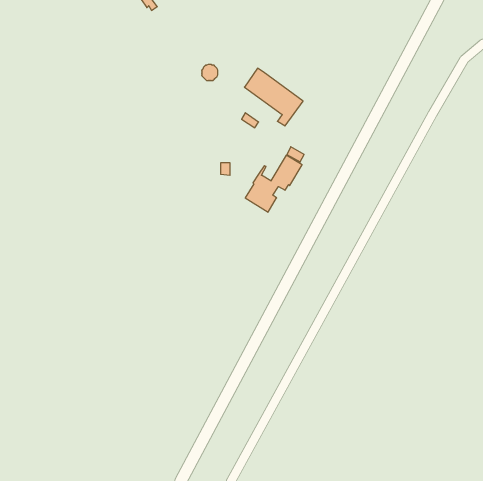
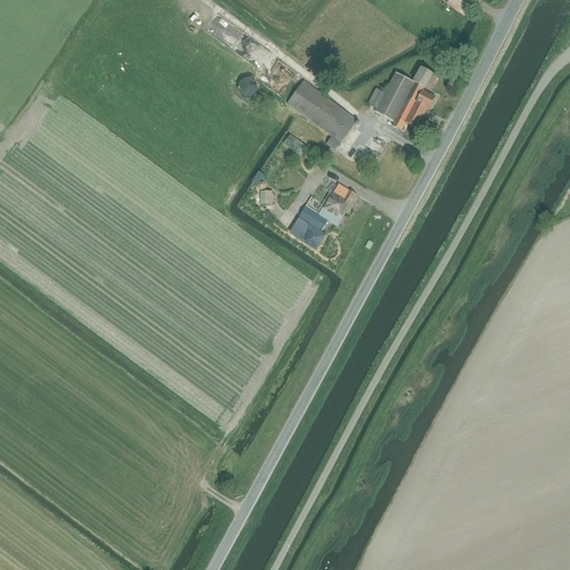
building: none -> [366,66,436,128]

